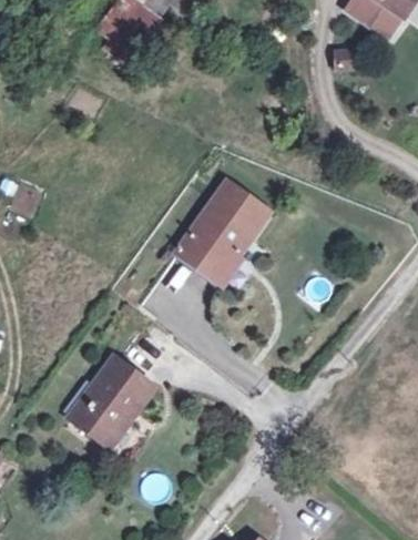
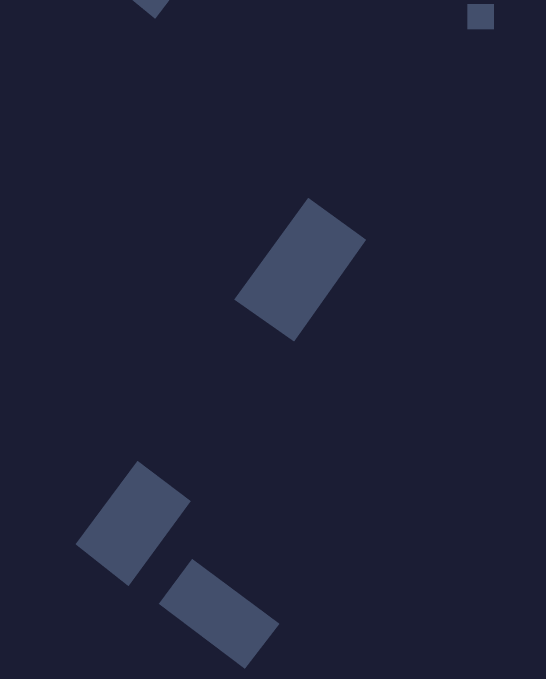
building: none -> [158,558,281,670]

